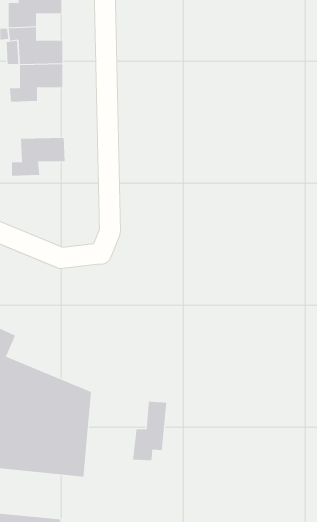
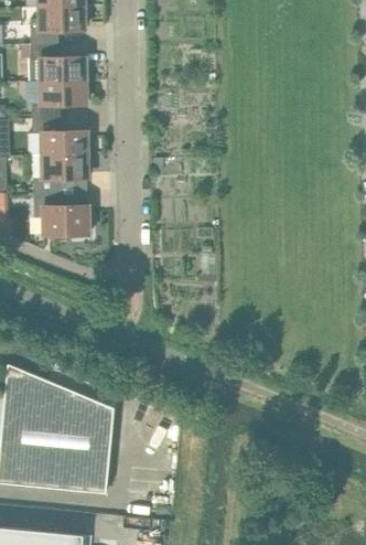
building: none -> [33,118,87,156]
building: none -> [34,192,89,236]
building: [133,401,167,461] -> none

